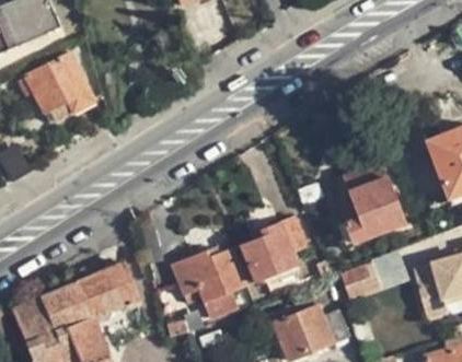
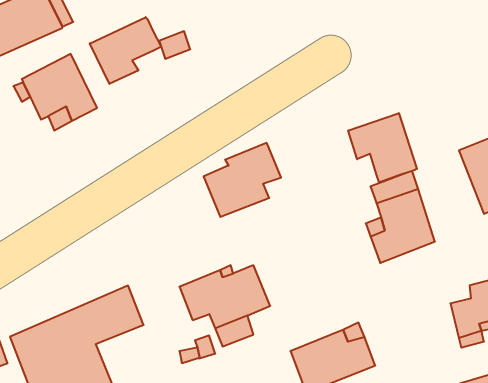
building: none -> [90,17,161,84]
building: none -> [348,113,417,182]
building: [236,214,308,282] -> [204,143,281,217]
building: [339,261,384,299] -> none

